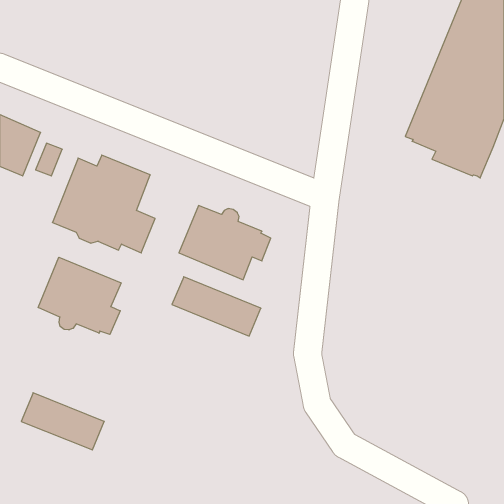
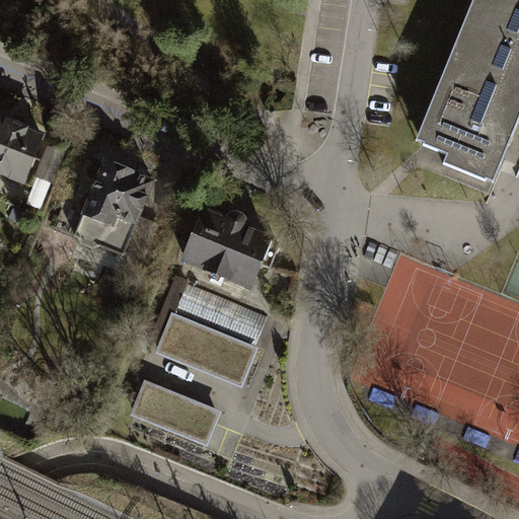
building: [38,257,121,334] -> none
building: none -> [153,280,255,384]
building: [21,393,104,450] -> [134,384,219,443]

